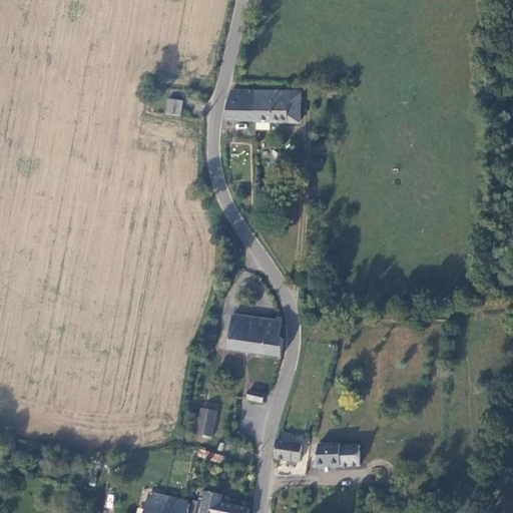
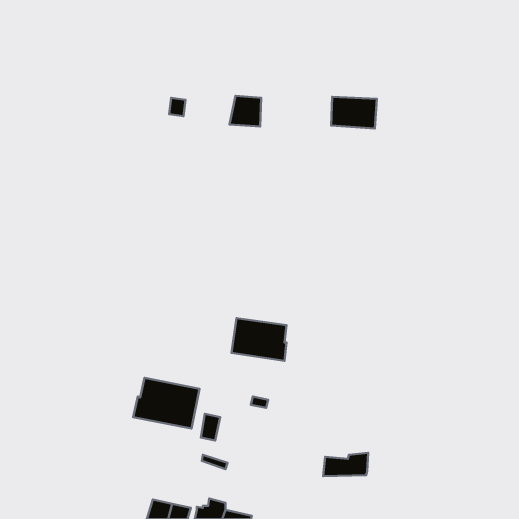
building: [255,96,301,127] -> [331,97,377,129]
building: none -> [133,378,199,429]
building: [272,442,302,463] -> none

